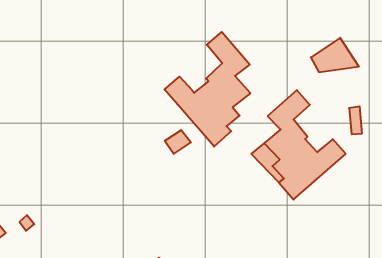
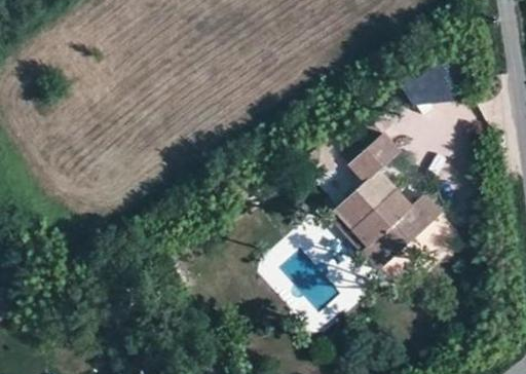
building: [164,32,250,147] -> none

